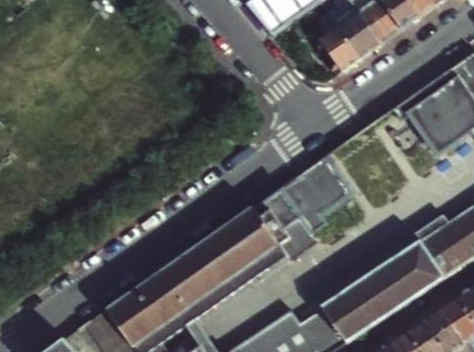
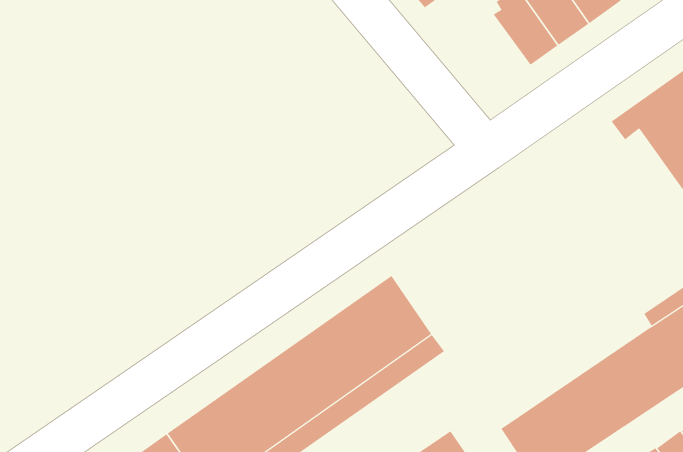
building: [254,153,353,258] -> none

